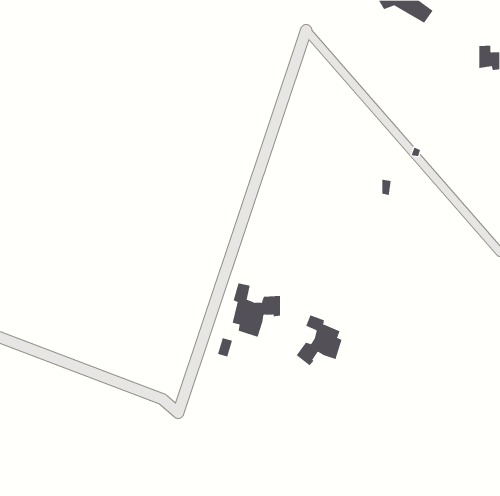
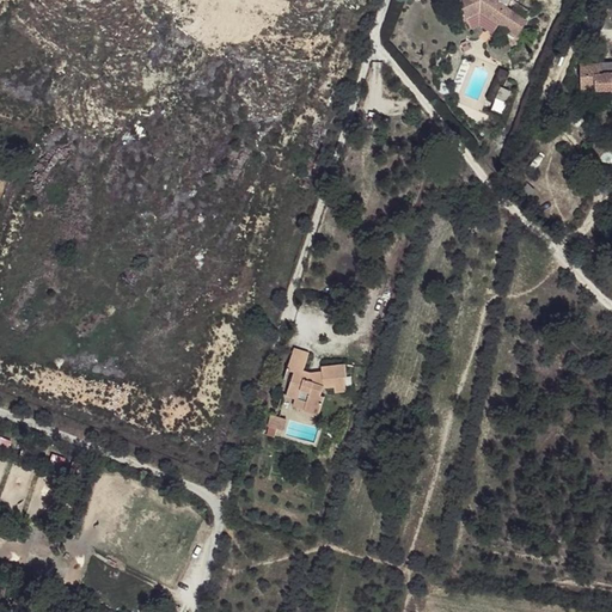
building: [296,314,342,366] -> none

